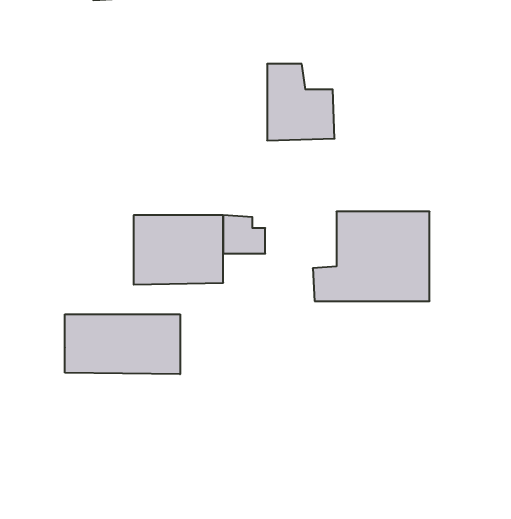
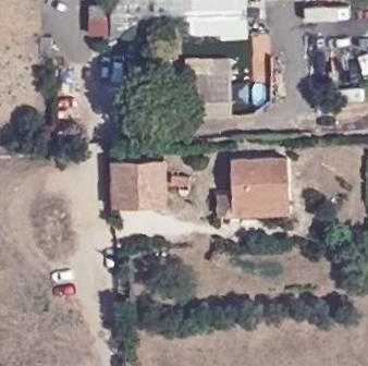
building: [65,314,180,374] -> none

